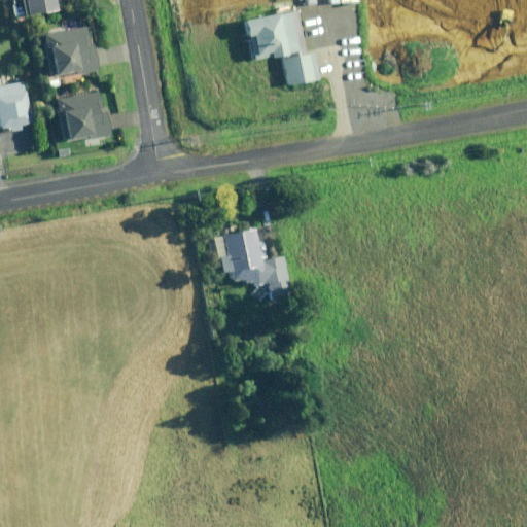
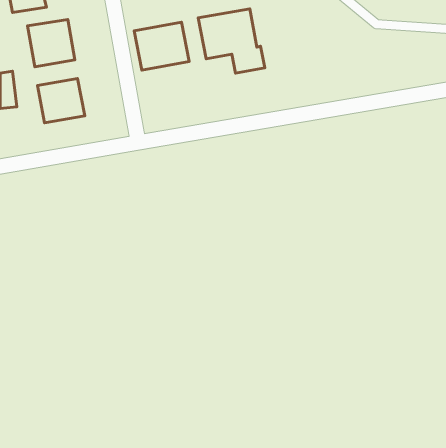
building: none -> [134,22,189,70]
building: [220,227,287,294] -> none

